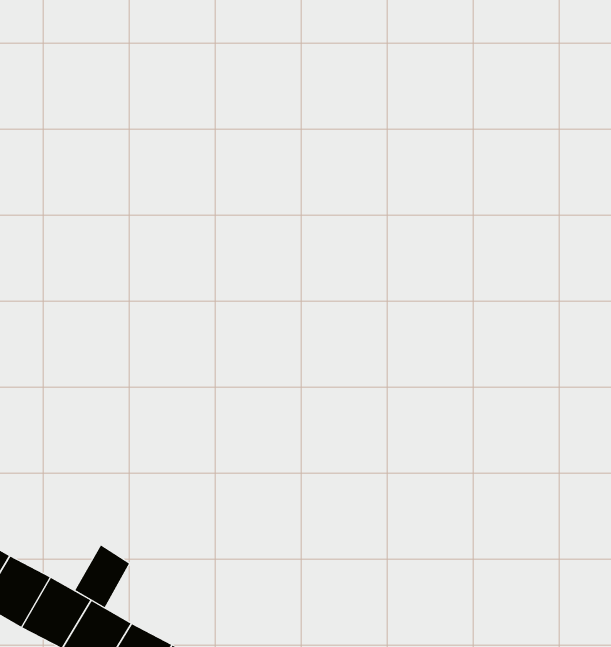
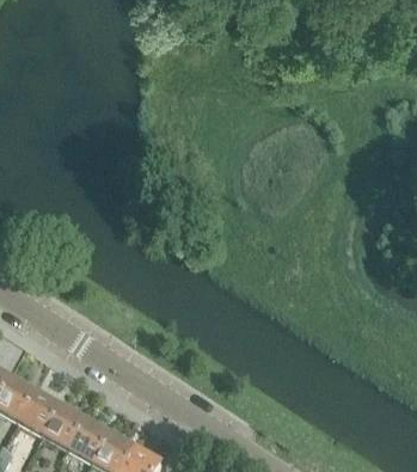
building: [74,545,130,608] -> none

